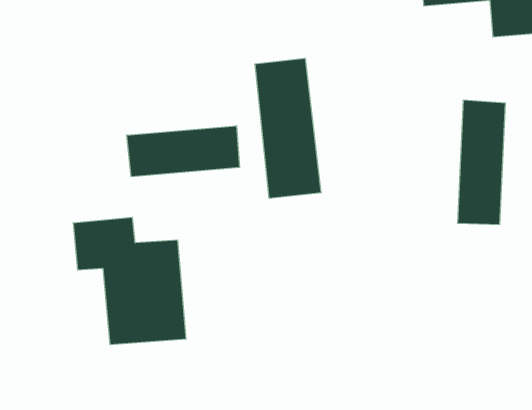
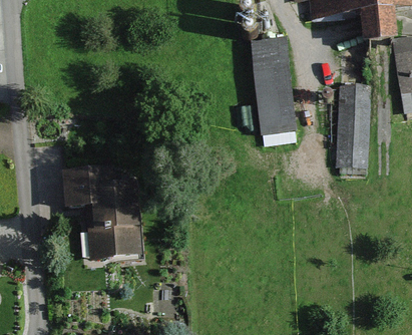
building: [255,59,321,198] -> [250,37,297,136]
building: [127,126,240,177] -> none

